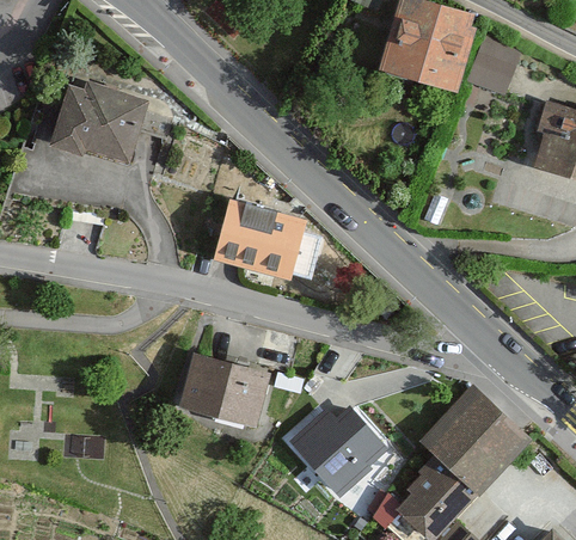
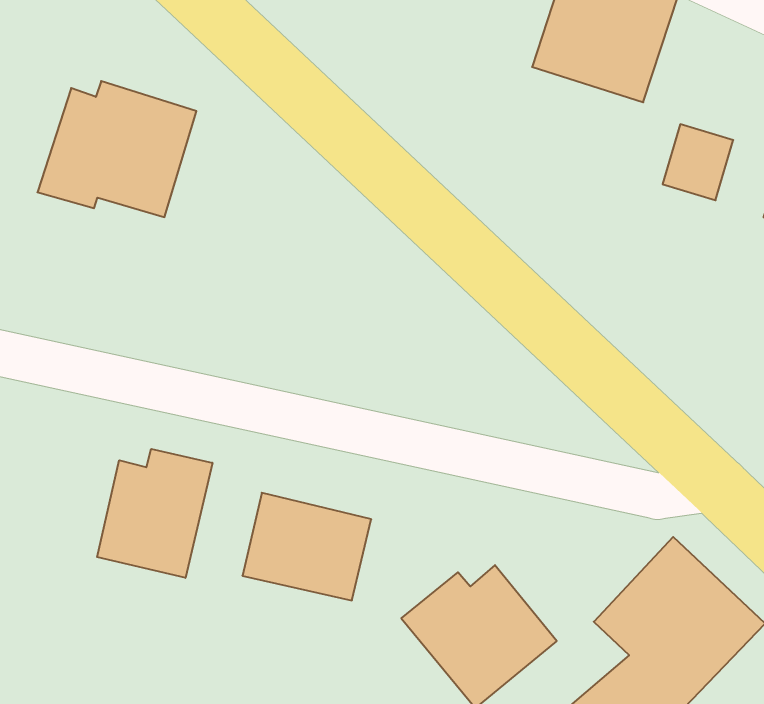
building: [473,43,521,94] -> [663,124,733,200]
building: [216,196,308,277] -> none
building: none -> [97,449,212,578]

